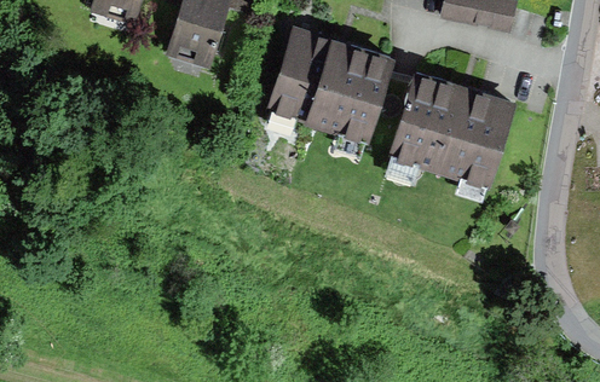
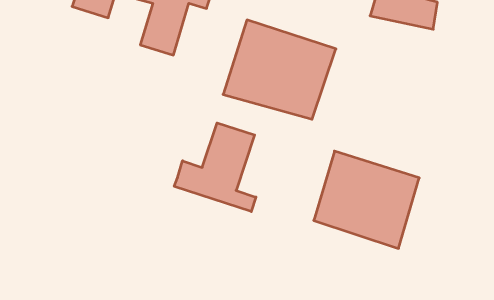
building: [391,71,514,185] -> [314,151,419,248]
building: none -> [174,123,256,212]

